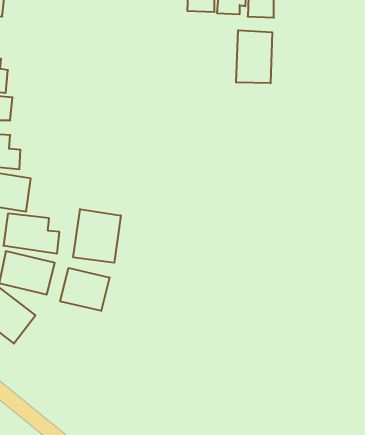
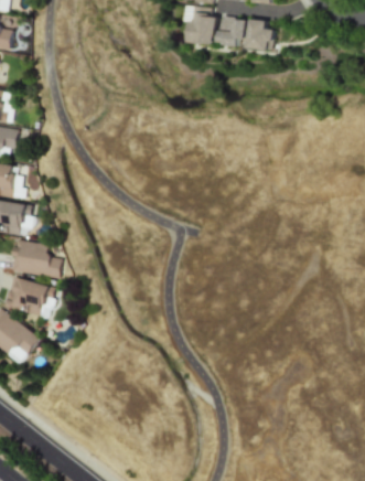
building: [236,30,272,83] -> none
building: [73,209,121,263] -> none
building: [60,268,110,311] -> none

